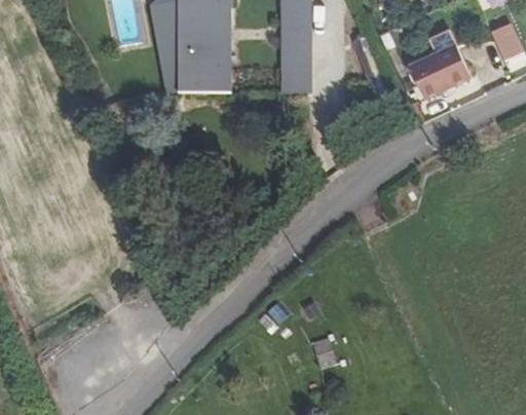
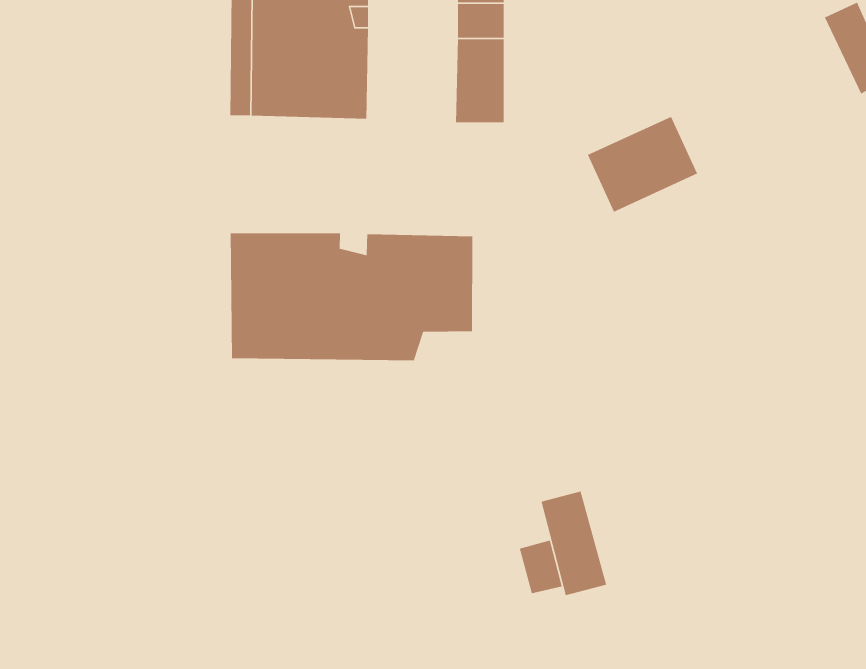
building: [408,45,473,102] -> [587,116,698,213]
building: none -> [230,232,473,361]
building: none -> [541,491,607,596]

